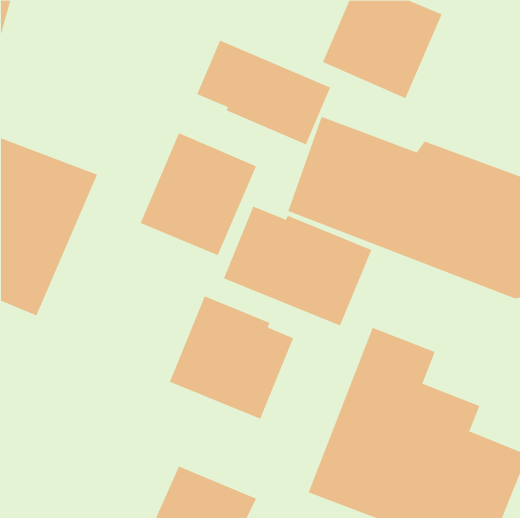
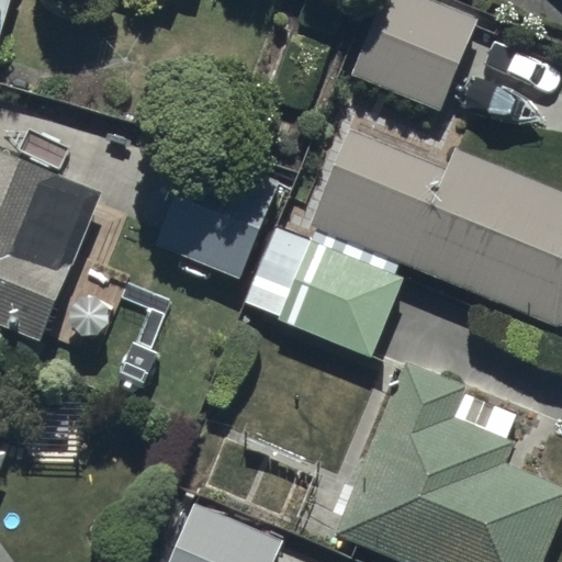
building: [196,40,331,145] -> none
building: [169,296,294,419] -> none

